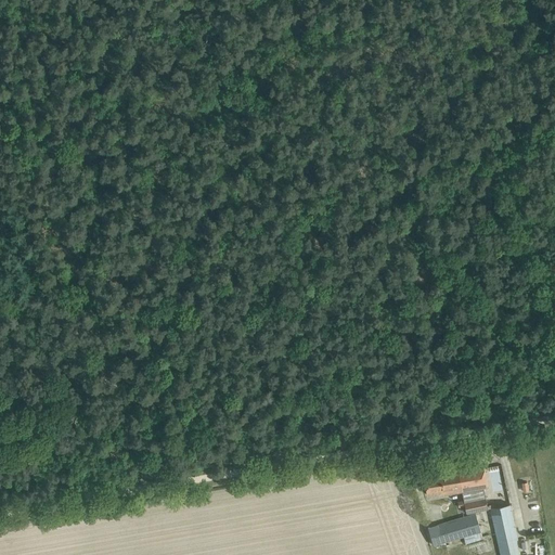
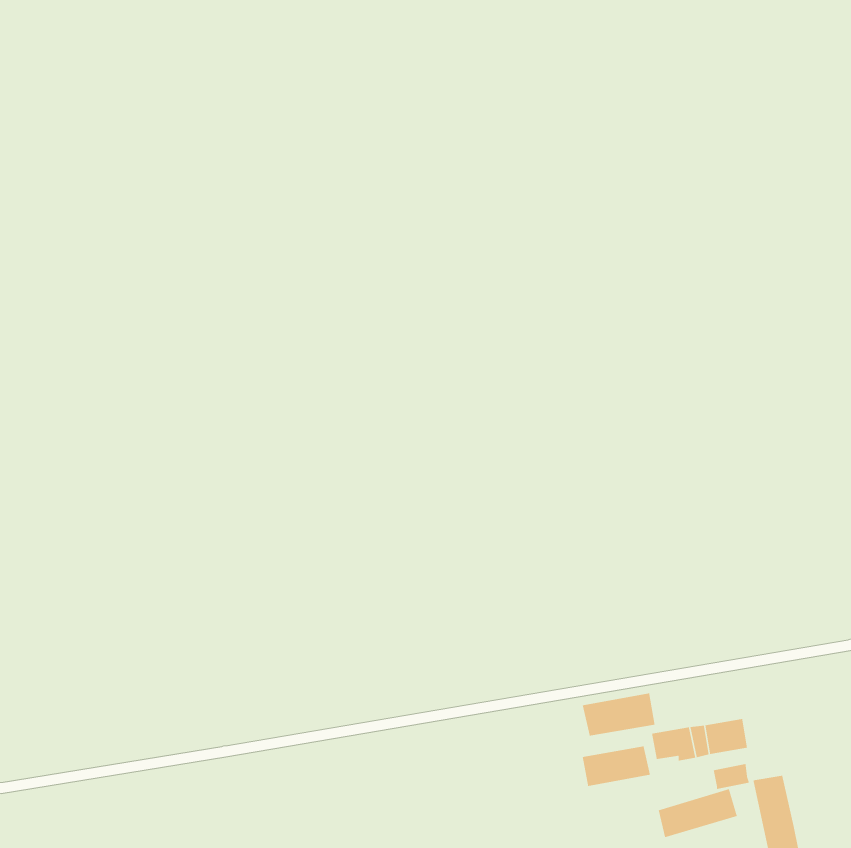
building: none -> [582,692,656,737]
building: none -> [582,746,651,787]

